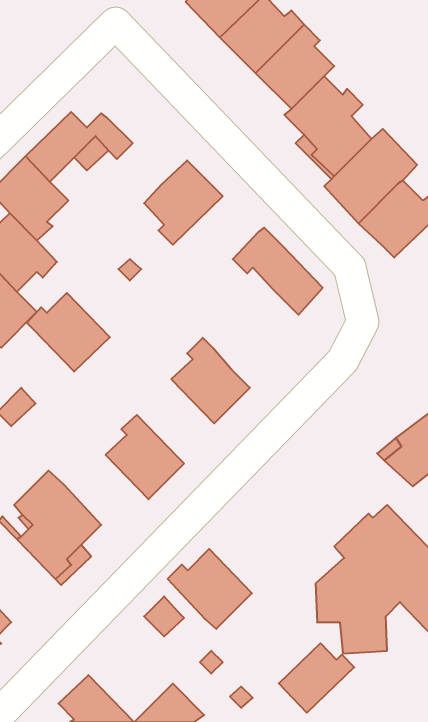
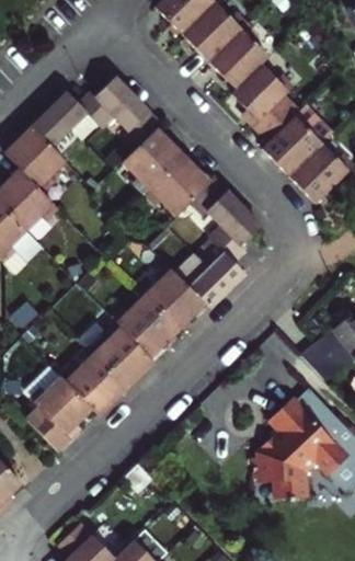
building: none -> [94,77,160,147]
building: none -> [145,156,210,217]
building: none -> [175,227,244,307]
building: [27,293,110,372] -> [113,296,176,356]
building: [168,549,252,629] -> [61,354,126,415]
building: [279,643,354,713] -> none

